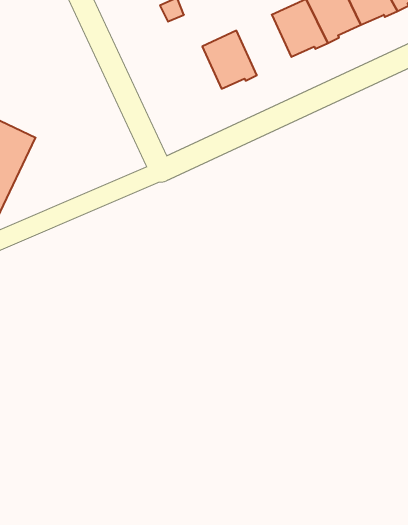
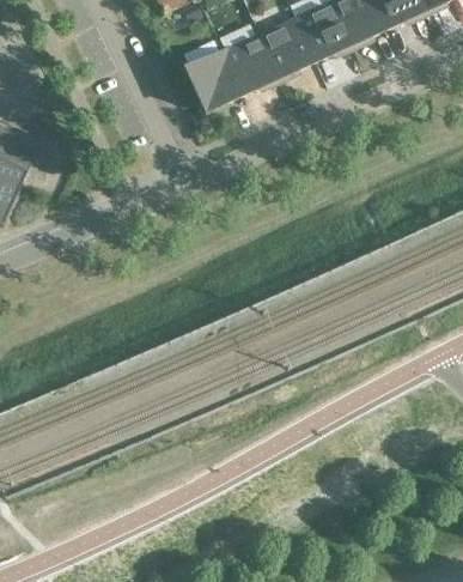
building: none -> [255,16,312,79]
building: none -> [182,49,239,114]

